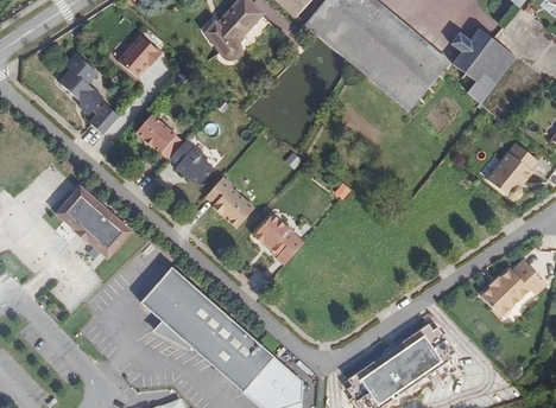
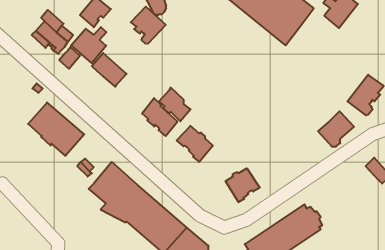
building: [469,46,517,102] -> none
building: none -> [131,7,166,44]
building: none -> [71,27,106,63]
building: [171,139,215,185] -> [159,88,191,121]
building: [482,267,532,315] -> [318,111,354,147]
building: none -> [226,168,260,202]

